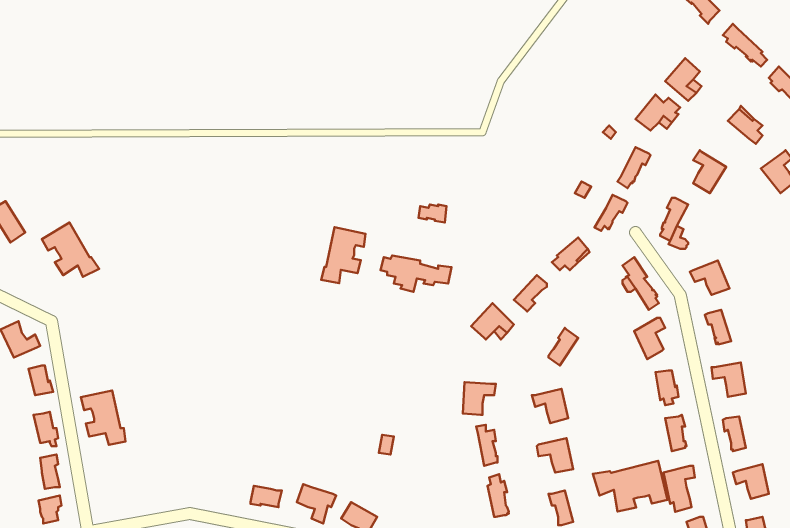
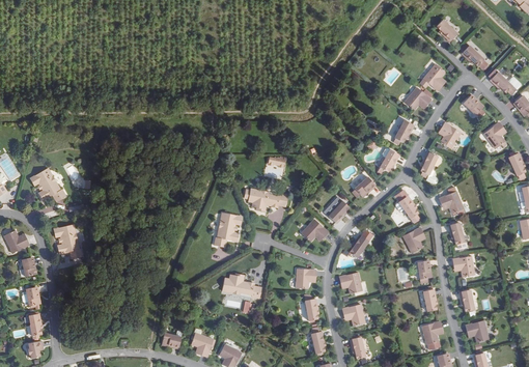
building: [321,227,366,283] -> [213,211,241,247]
building: none -> [221,273,260,298]
building: [81,390,125,445] -> [53,224,81,258]
building: [593,461,668,512] -> none

